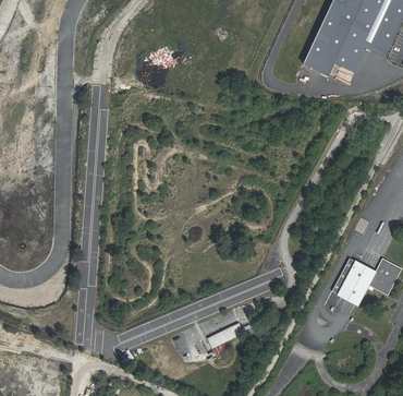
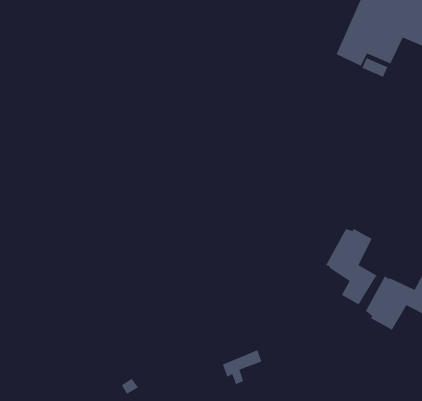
building: none -> [325,228,377,305]

